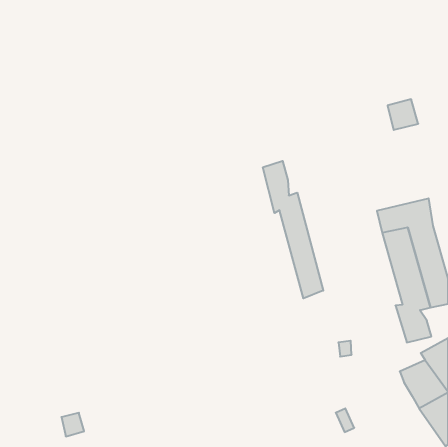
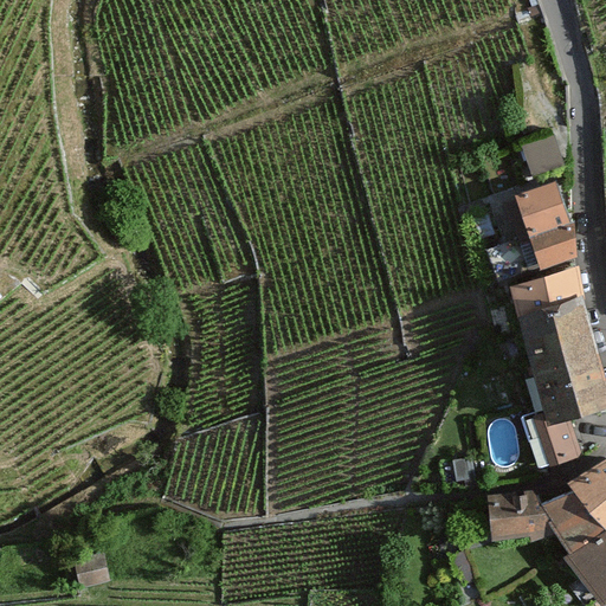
building: none -> [485,183,579,281]
building: [263,161,323,298] -> none
building: none -> [488,492,556,542]

